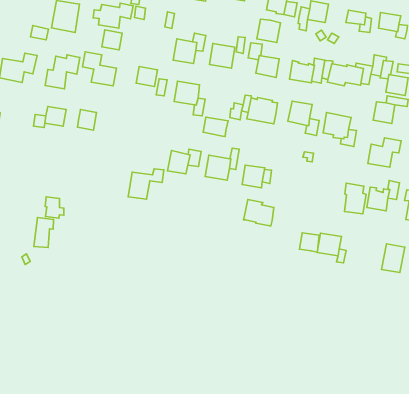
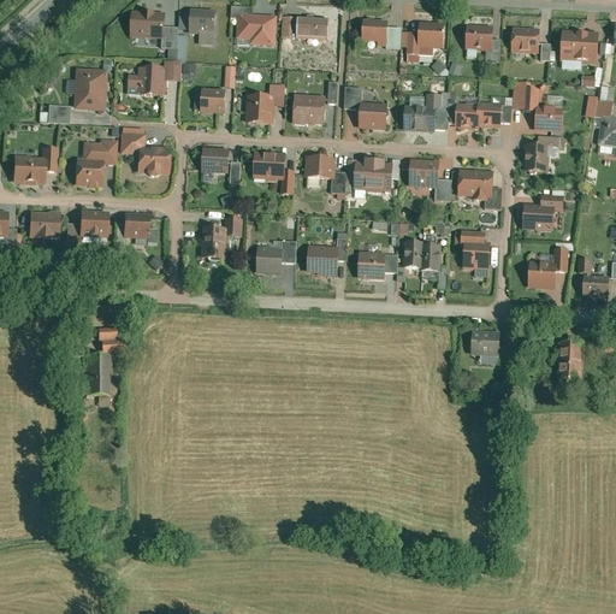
building: [257,19,280,43] -> none
building: [102,30,122,50] -> [202,83,227,107]
building: none -> [32,209,60,234]
building: [203,117,228,137] -> [302,158,333,181]
building: [128,169,164,199] -> [201,211,244,253]
building: [344,183,366,214] -> [458,232,487,271]
building: [244,200,274,226] -> [401,242,439,273]
building: [299,233,319,252] -> none

